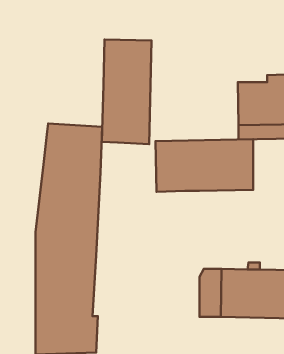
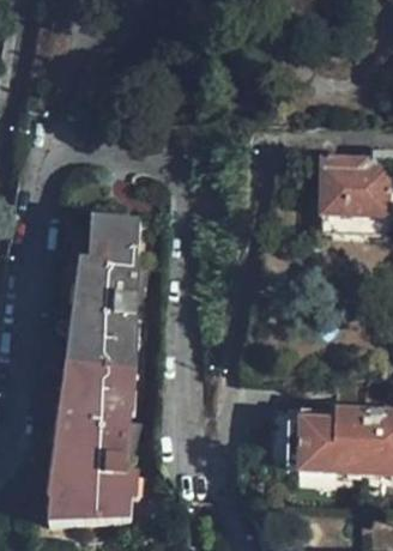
building: [102,39,152,144] -> none
building: [155,139,253,192] -> none

